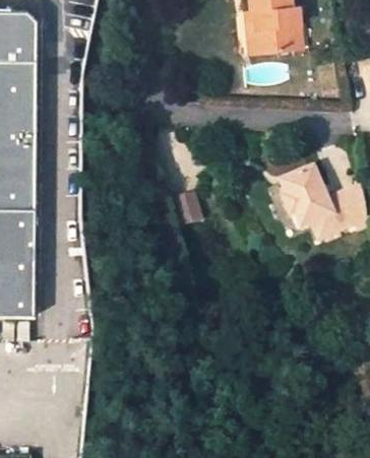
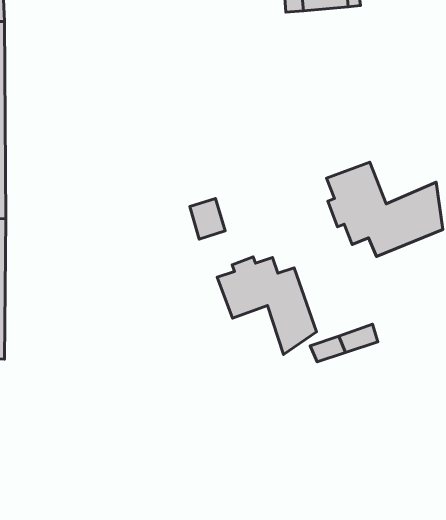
building: none -> [217,257,316,354]

